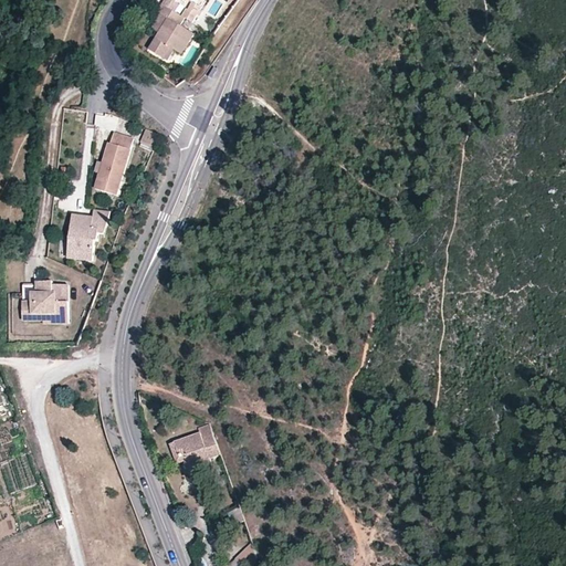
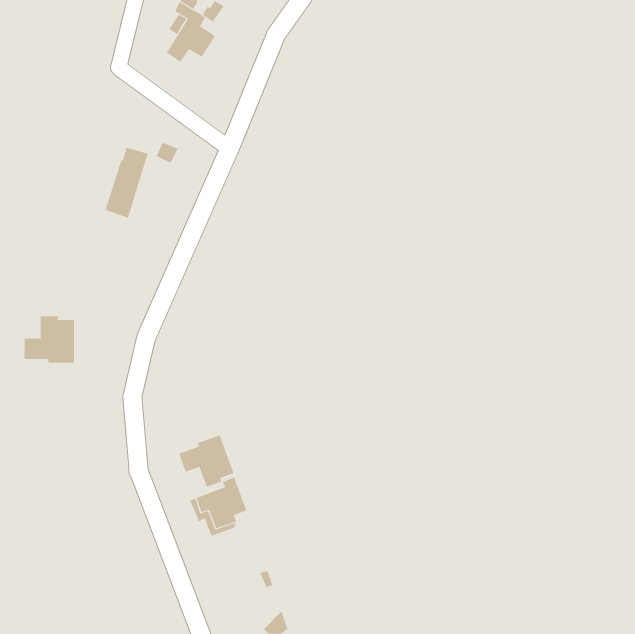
building: [66,208,108,259] -> none
building: none -> [179,434,234,488]

